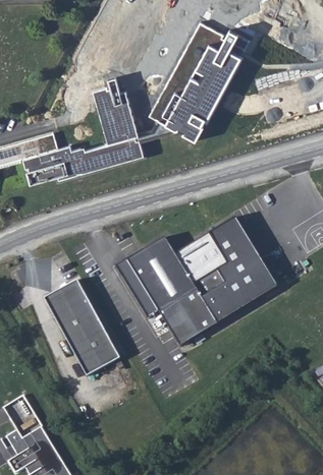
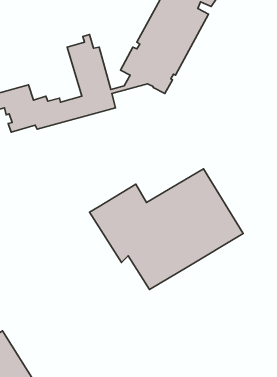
building: [43,281,118,376] -> none

